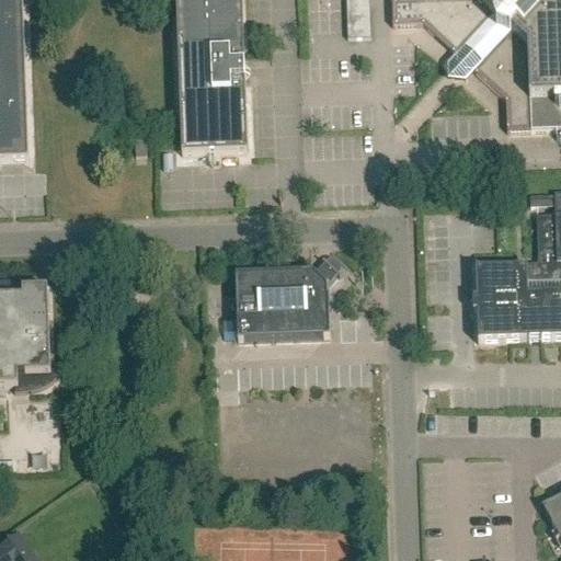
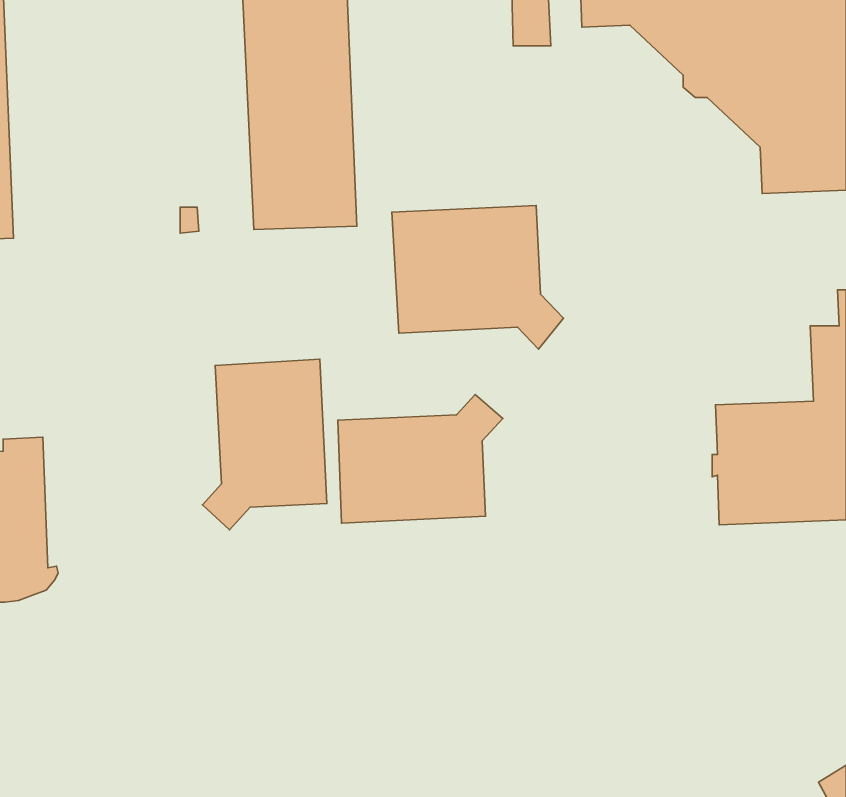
building: none -> [392,205,563,349]
building: none -> [202,359,327,530]

